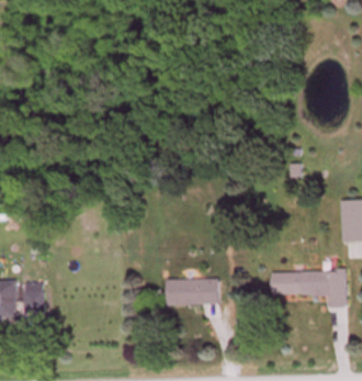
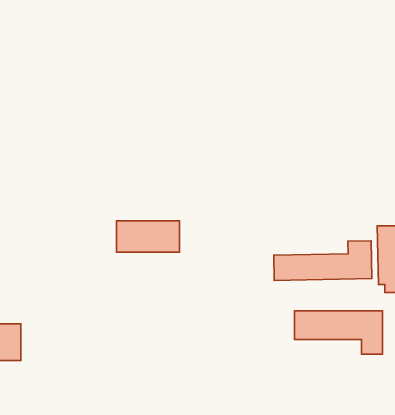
building: none -> [274,241,372,280]
building: [166,278,218,304] -> [117,221,179,252]

